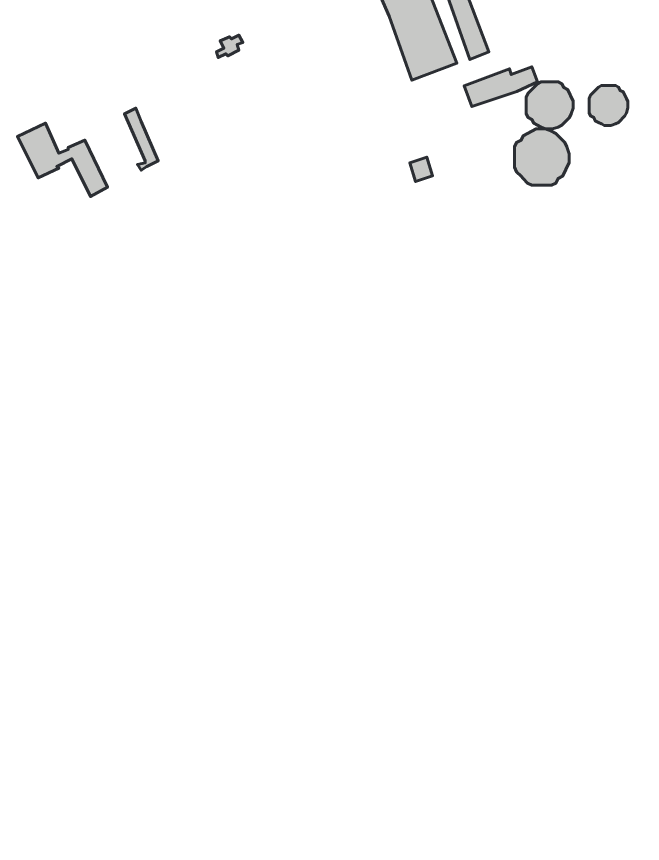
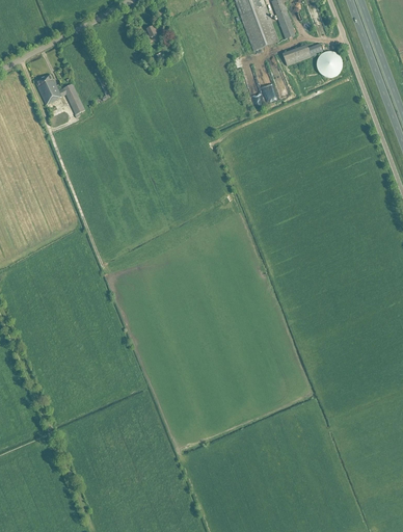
building: [589,86,628,126] -> none
building: [514,129,569,185] -> none

